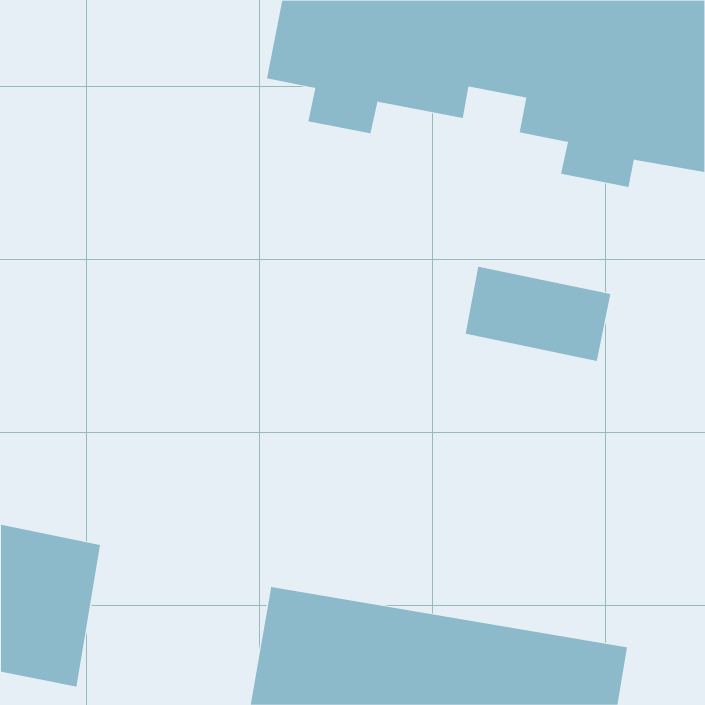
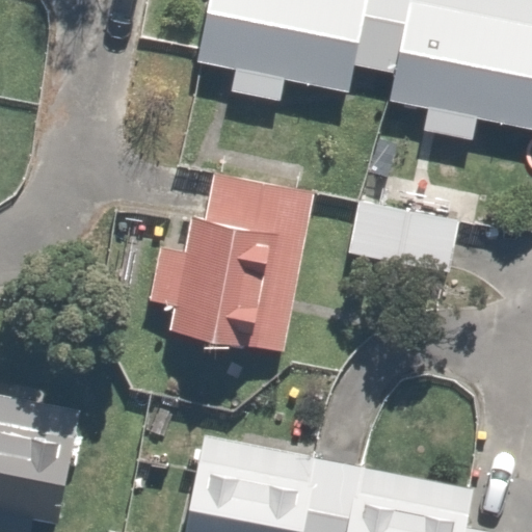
building: none -> [149,170,315,352]

